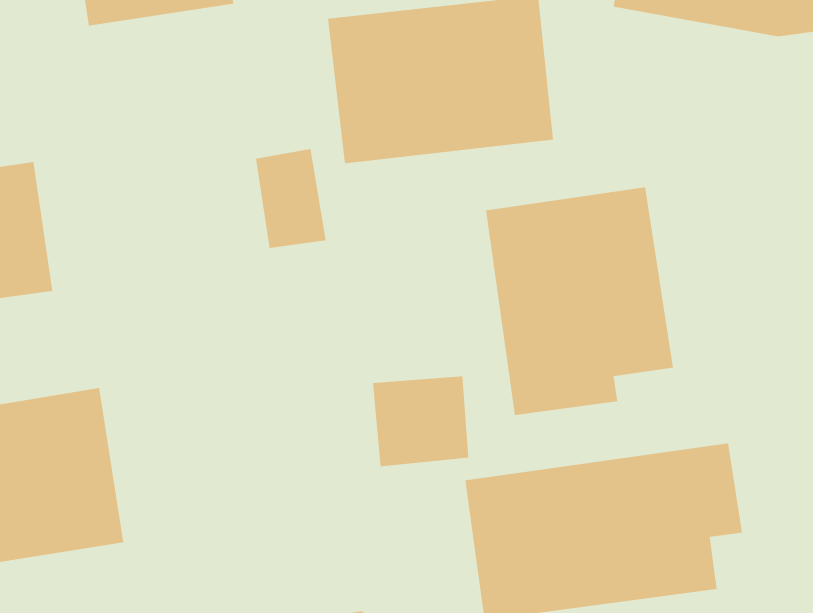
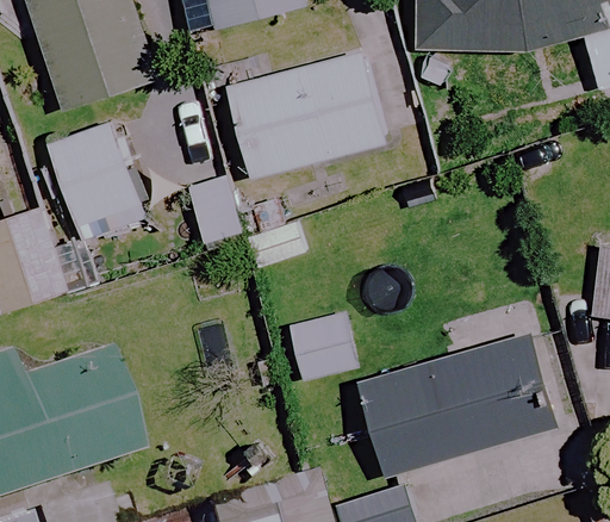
building: none -> [46,120,145,240]
building: [485,187,674,416] -> none

